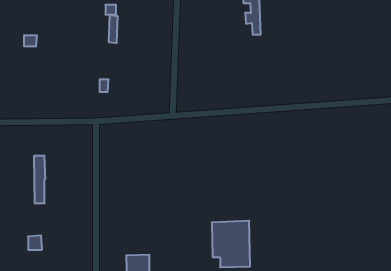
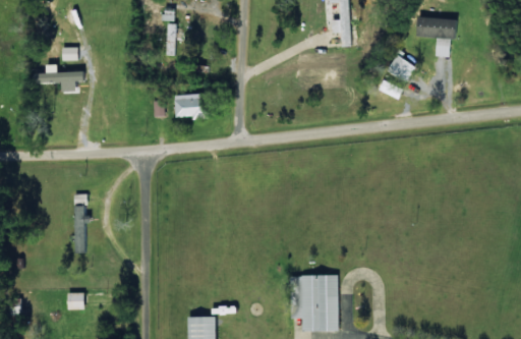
building: none -> [415,17,457,57]
building: none -> [386,55,415,82]
building: none -> [38,64,84,92]
building: none -> [174,94,209,119]

